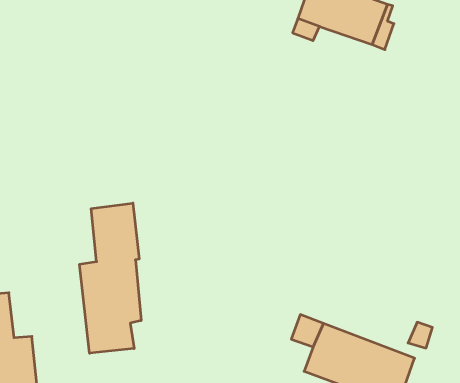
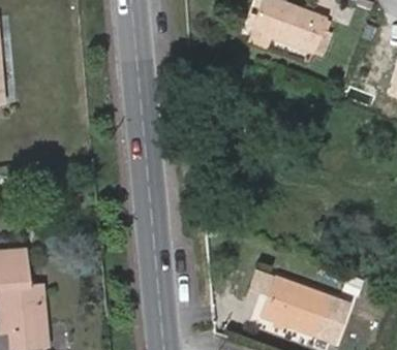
building: [80,203,141,353] -> none

